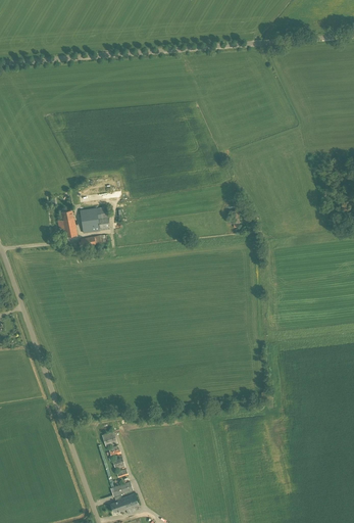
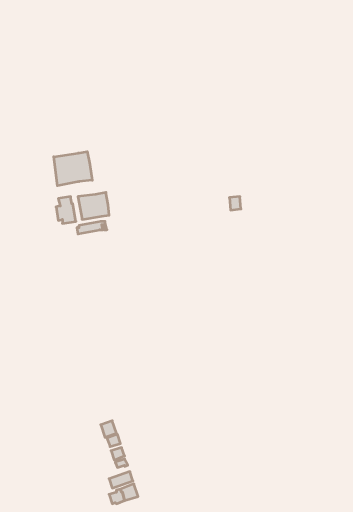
building: none -> [54,152,92,186]

